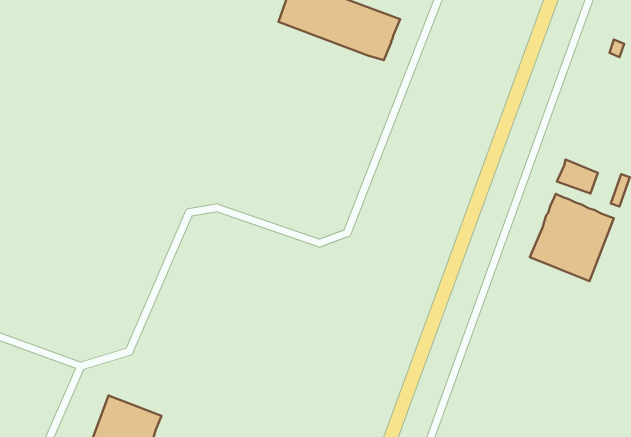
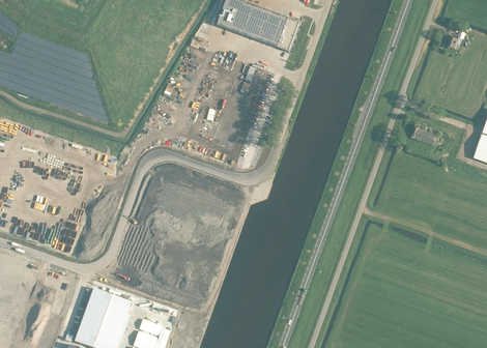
building: [530,194,614,281] -> none

